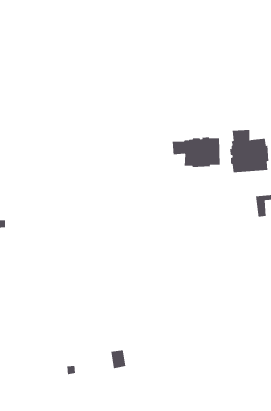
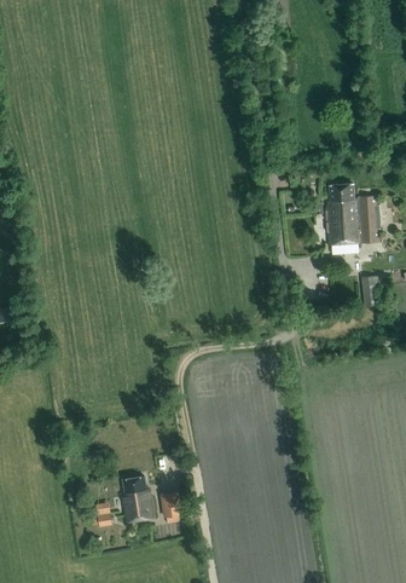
building: [172,136,220,168] -> none
building: none -> [123,475,153,521]

